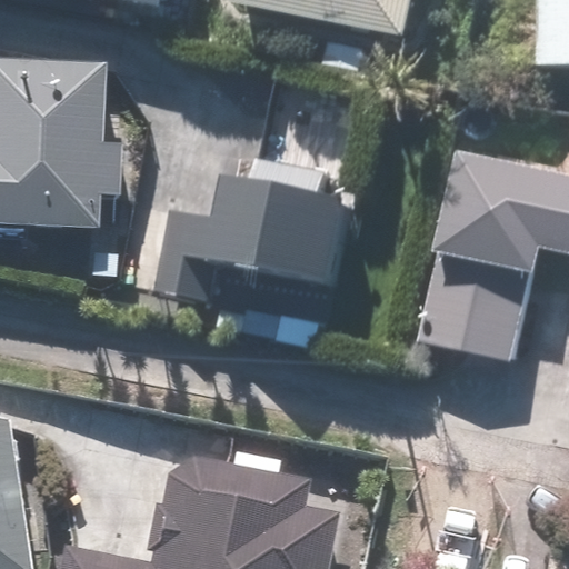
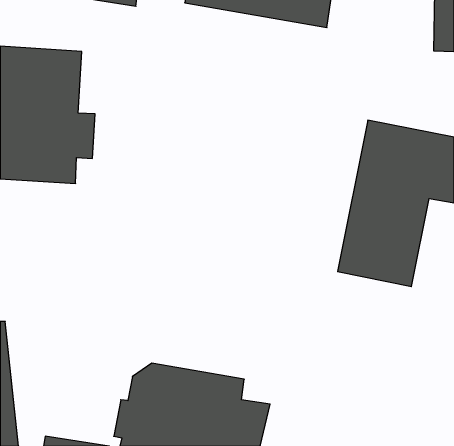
building: [156,180,351,338] -> none

